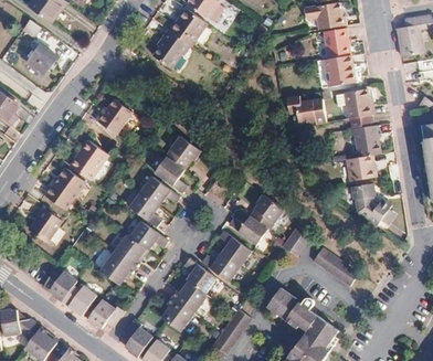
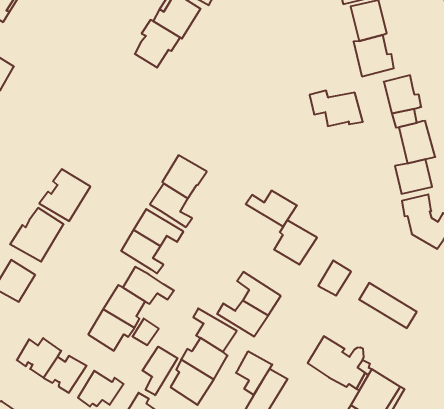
building: [95,98,131,135] -> none
building: [228,216,267,245] -> [246,191,297,227]
building: none -> [142,347,178,395]
building: none -> [236,351,272,395]

